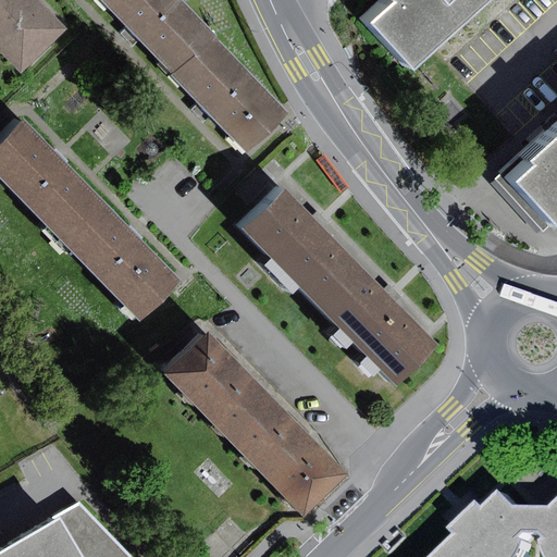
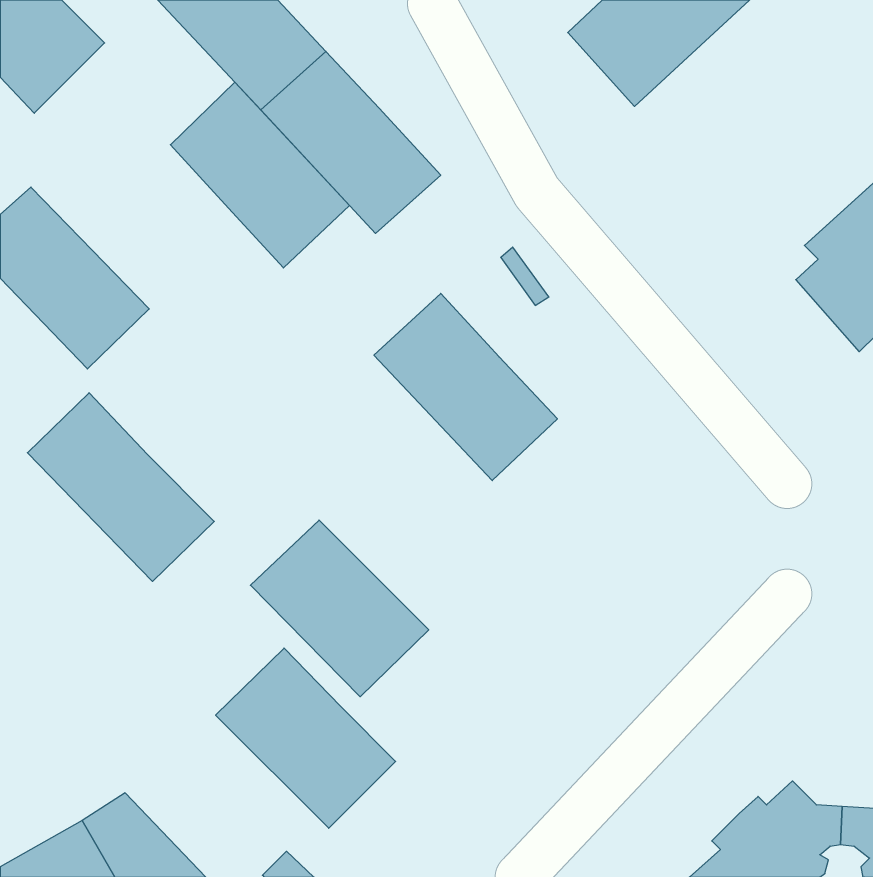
building: none -> [170,82,350,268]
building: [58,196,176,315] -> [27,393,214,581]
building: [314,265,431,384] -> none
building: [231,399,345,513] -> [216,648,396,828]

